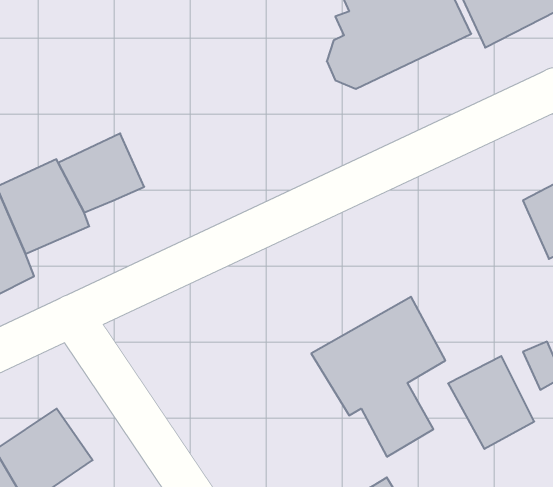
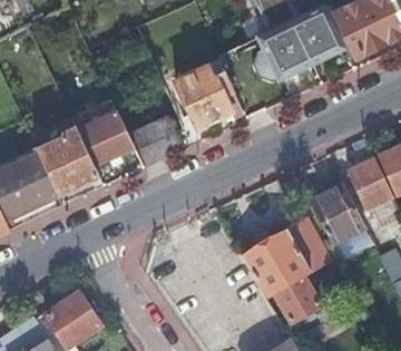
building: none -> [175,66,241,128]
building: none -> [129,111,183,166]
building: none -> [346,157,392,207]
building: [448,356,534,449] -> [309,182,364,242]

